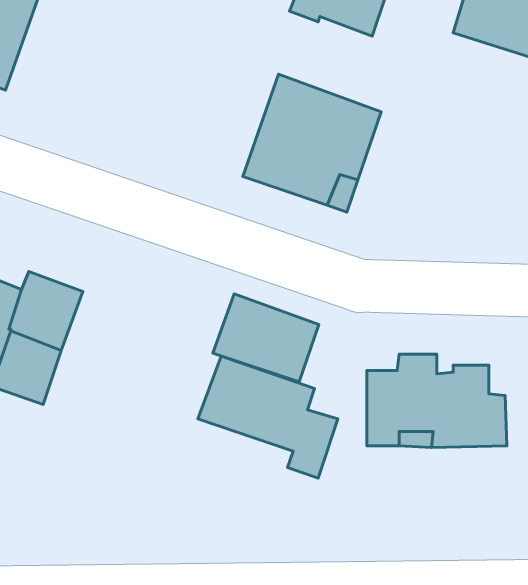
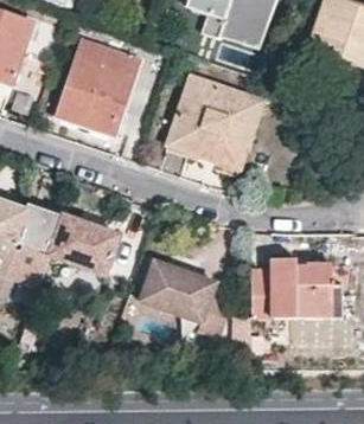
building: none -> [58,38,141,133]
building: [213,294,319,382] -> [50,216,120,274]

